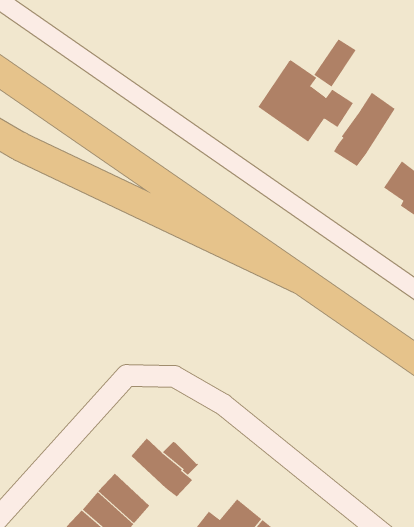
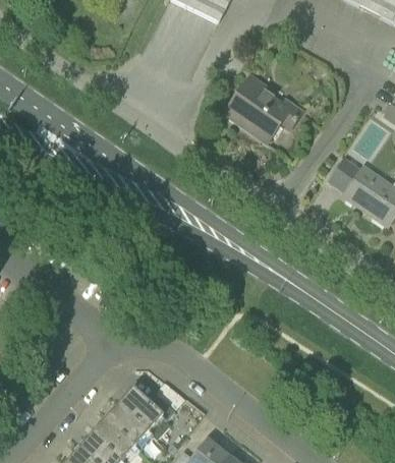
building: [313,39,356,87] -> none
building: [333,92,396,167] -> none
building: none -> [105,403,148,445]

